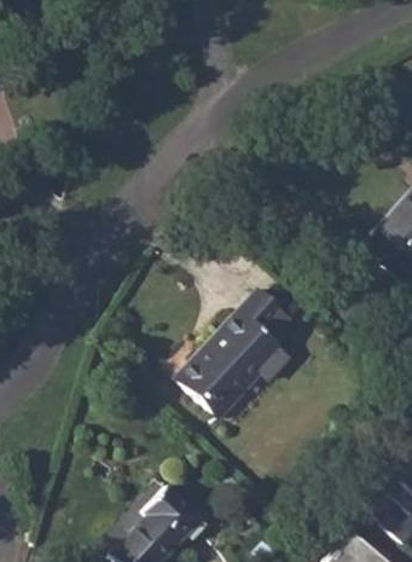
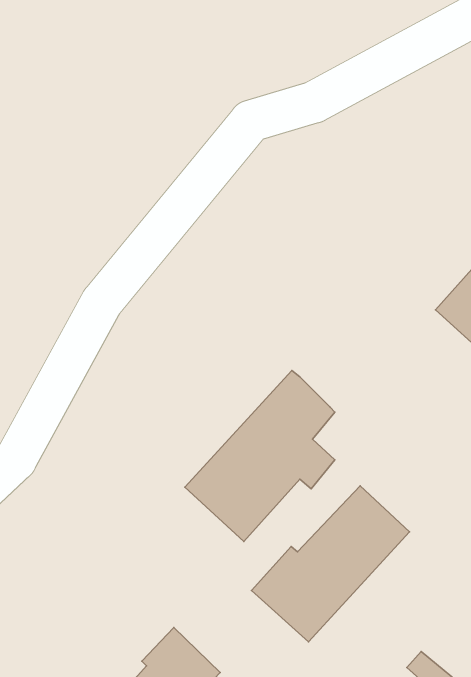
building: none -> [251,486,409,642]

